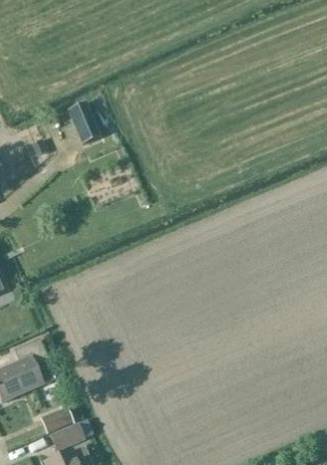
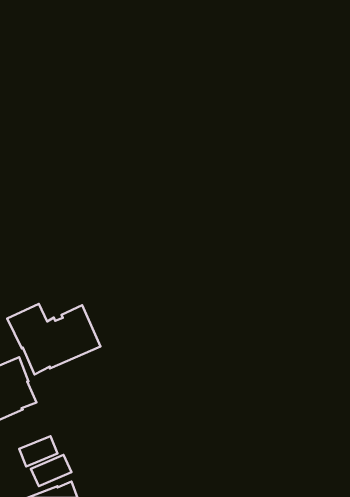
building: [68,99,101,142] -> none
building: none -> [7,304,101,374]

